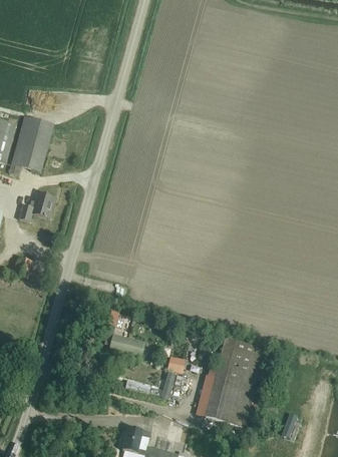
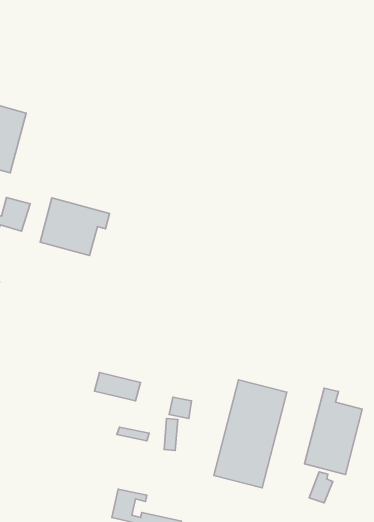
building: none -> [40,198,109,255]
building: none -> [304,388,362,474]

